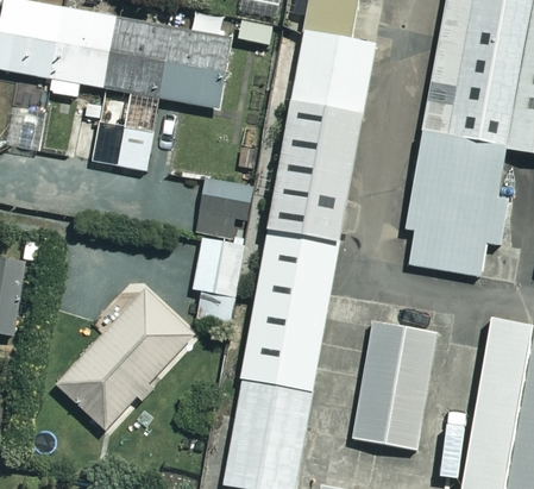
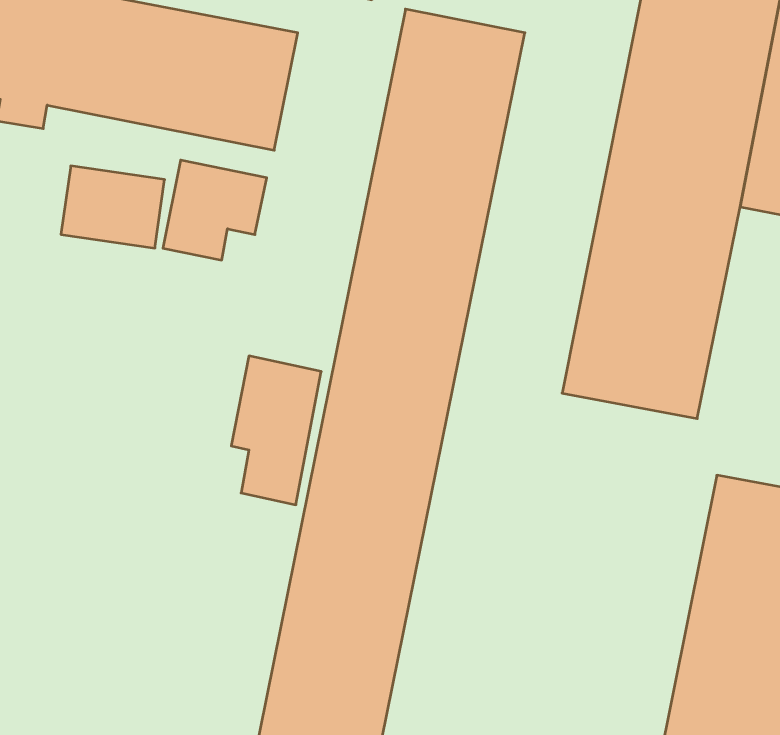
building: [201,177,264,238] -> [163,160,267,260]
building: [64,290,201,431] -> none
building: [348,318,434,446] -> none

